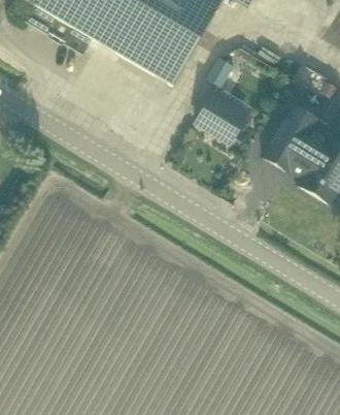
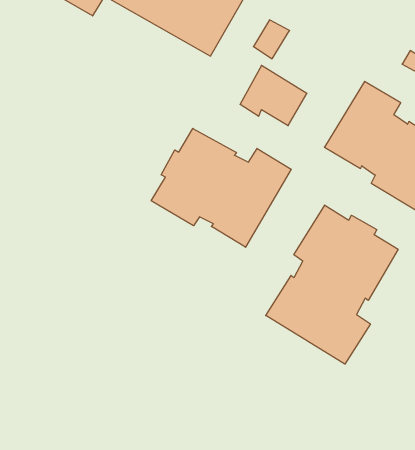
building: none -> [151,128,291,247]
building: none -> [266,205,398,364]

